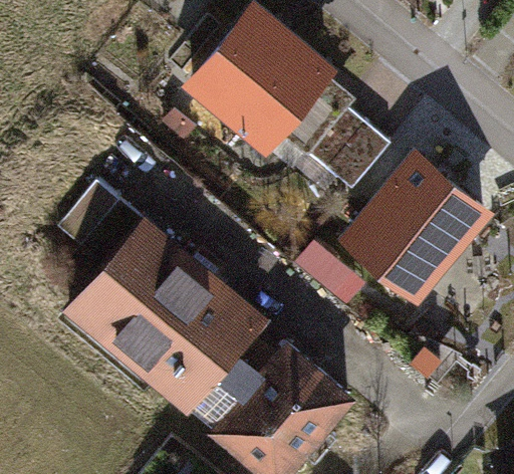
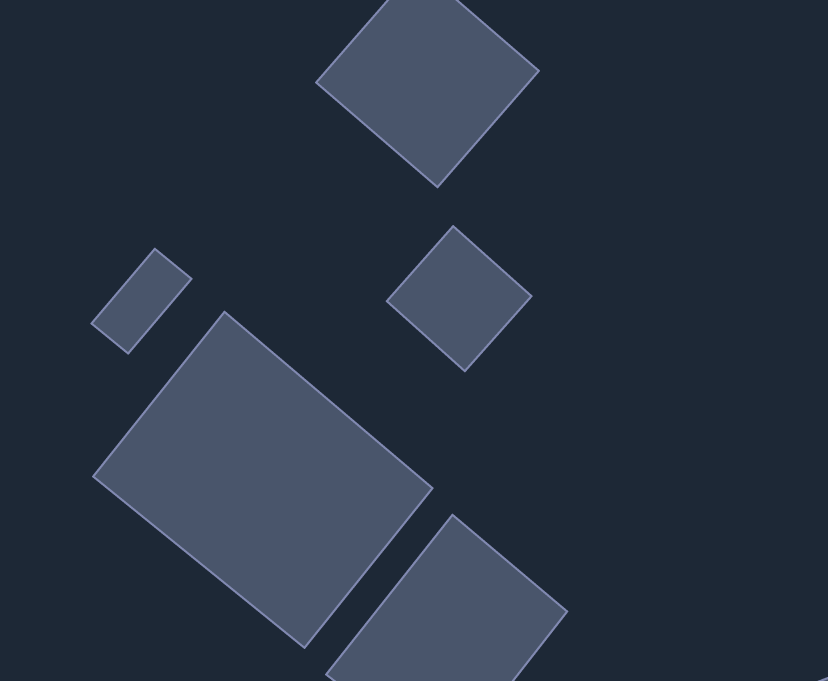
building: [308,103,396,191] -> [387,226,531,371]
building: [355,155,487,289] -> none

